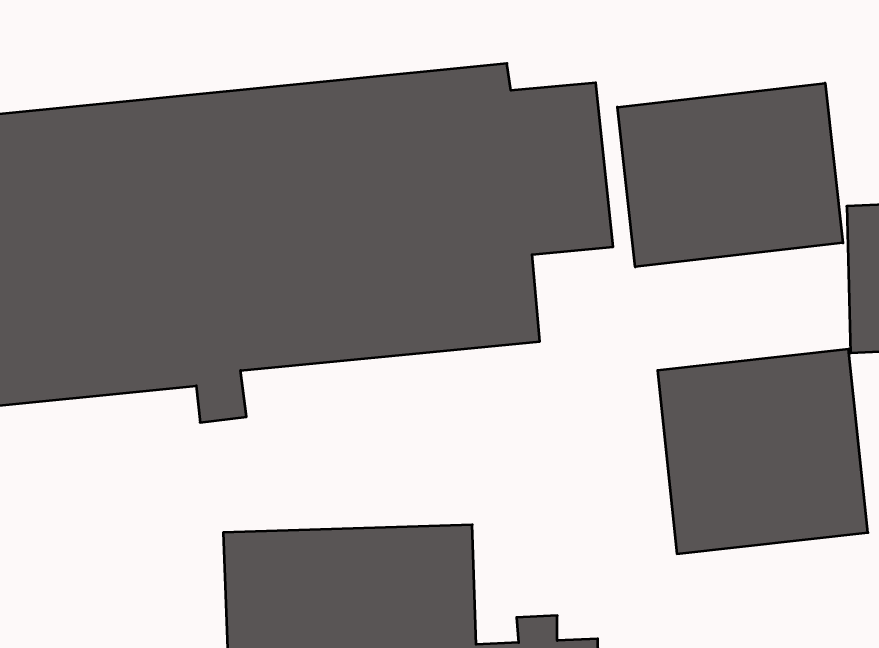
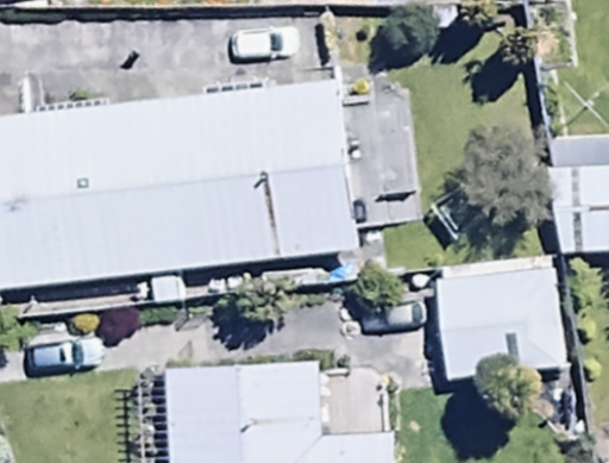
building: [617,83,843,267] -> none

